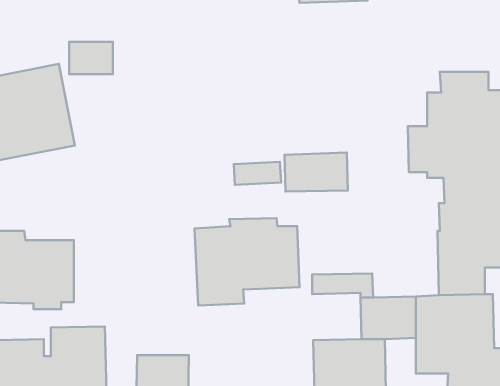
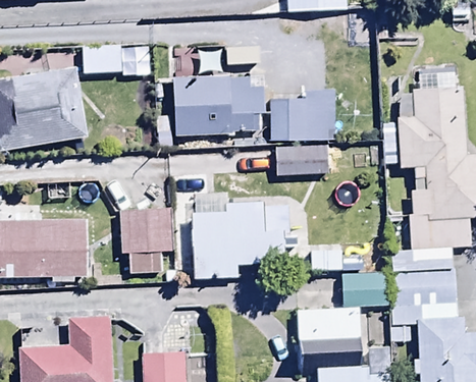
building: none -> [171,77,262,137]
building: none -> [270,90,328,141]
building: none -> [118,209,173,274]

